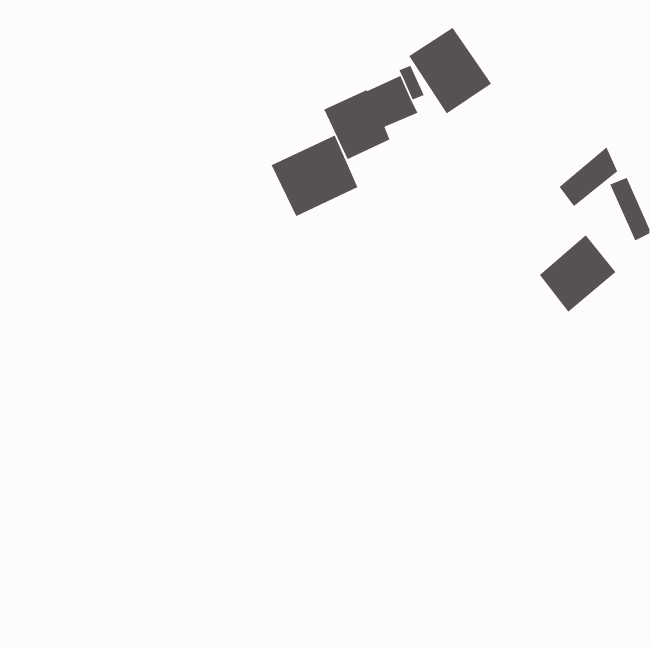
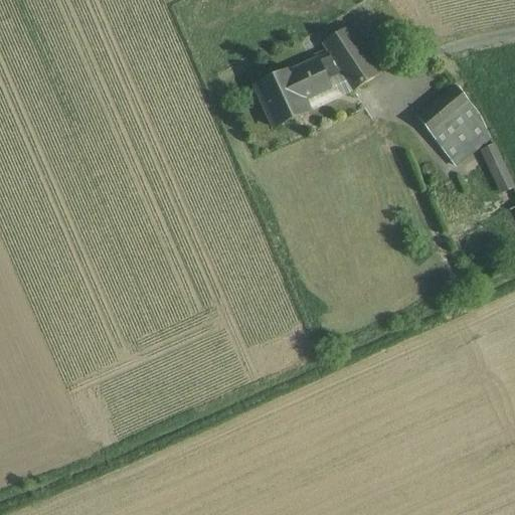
building: [270,134,358,217] -> none
building: [539,234,616,313] -> [418,85,480,148]

